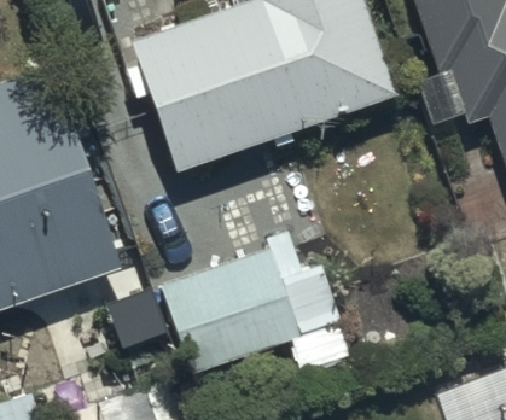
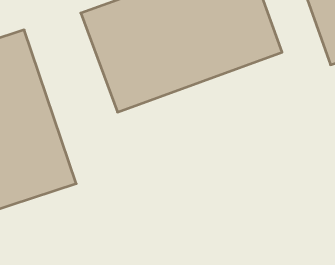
building: [161,253,299,377] -> none

